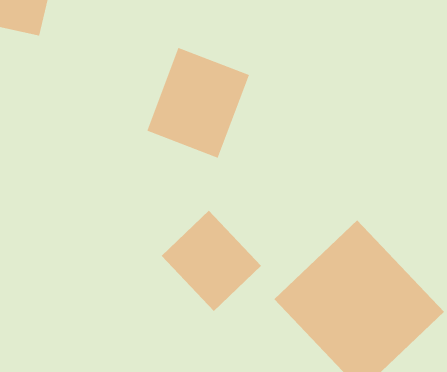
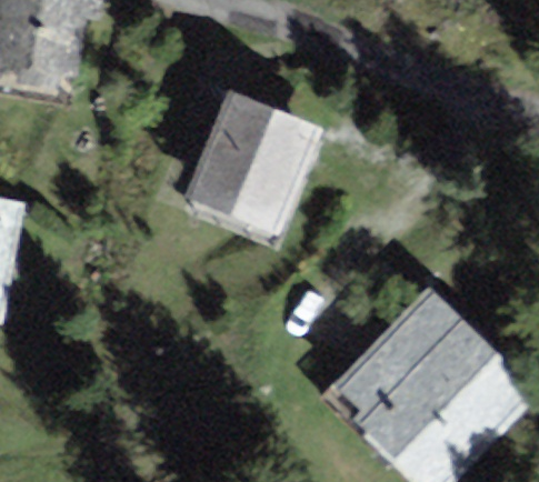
building: [161,210,262,312] -> none

